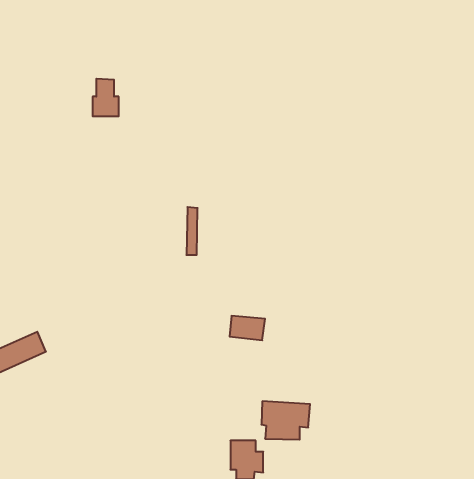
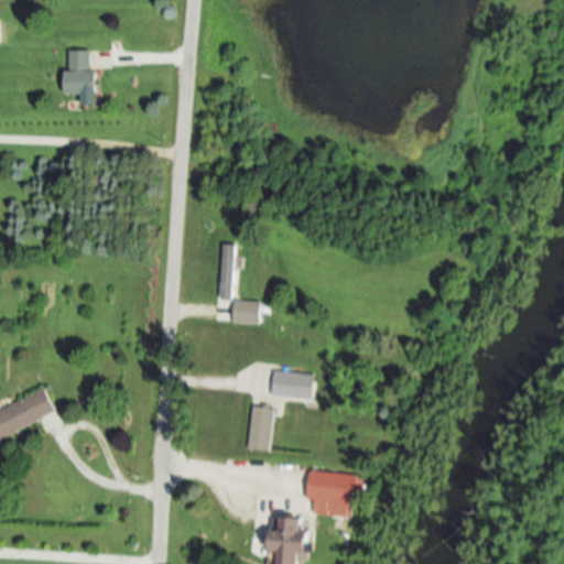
building: [93,79,119,116] -> [63,51,94,95]
building: none -> [232,301,259,324]
building: none -> [246,405,274,452]

